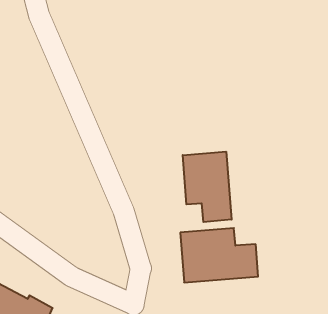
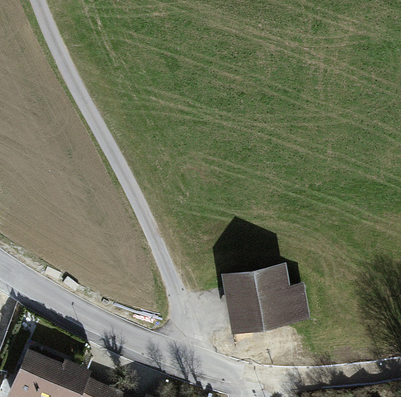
building: [183,152,232,222] -> none

